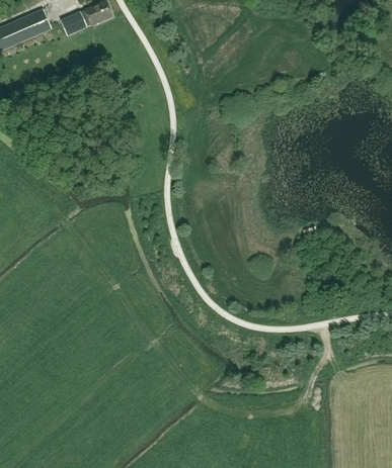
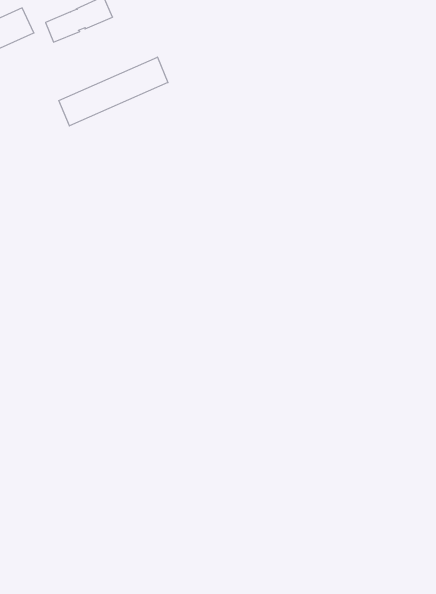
building: none -> [59,57,168,126]

